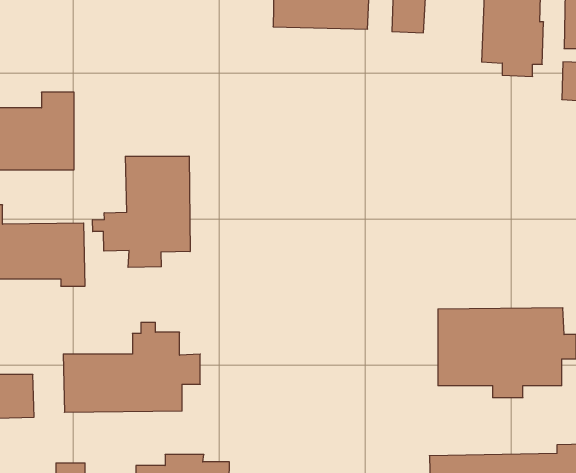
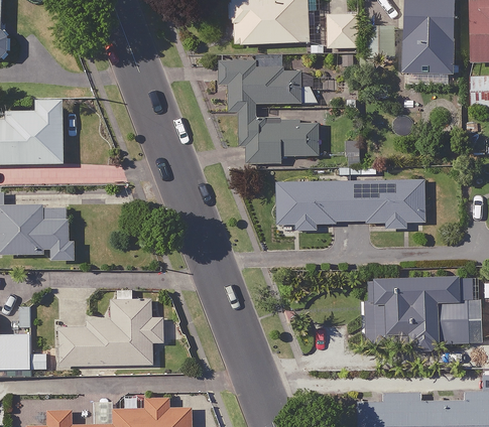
building: none -> [221,61,319,164]
building: [93,156,190,267] -> none
building: none -> [276,178,425,231]

